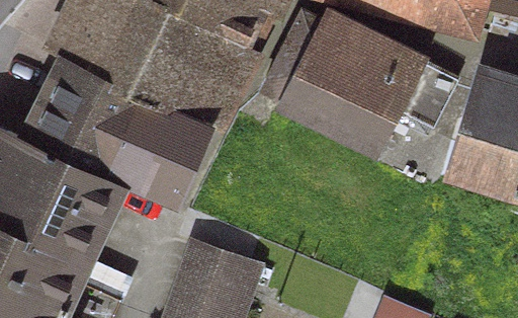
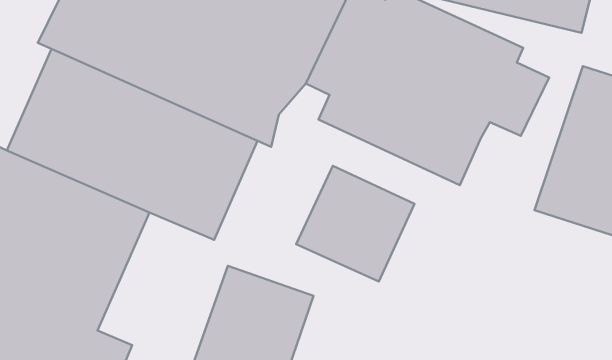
building: none -> [296,166,414,281]

